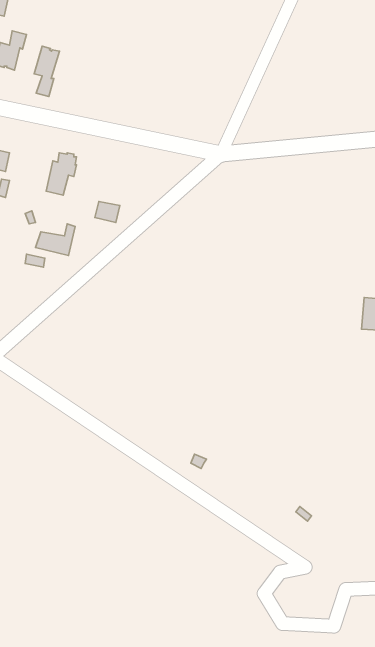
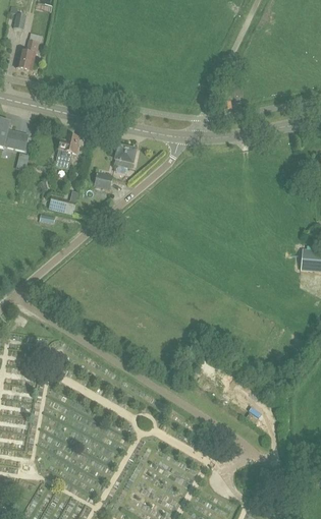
building: [34,46,59,97] -> none
building: none -> [113,143,137,168]

